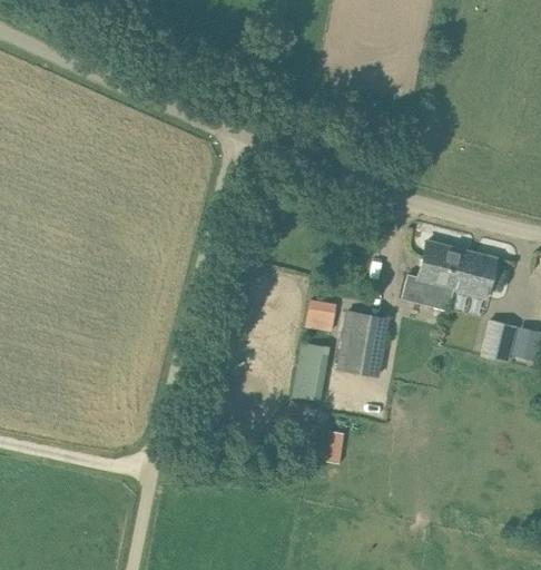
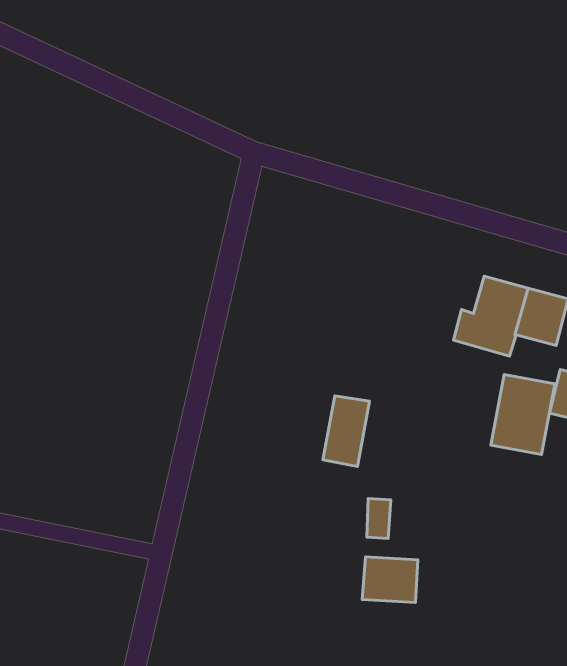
building: [305,299,336,332] -> none
building: [336,311,390,377] -> [491,375,555,454]
building: none -> [362,557,418,603]

